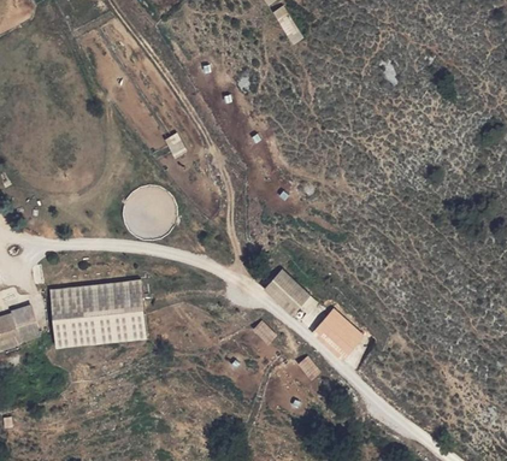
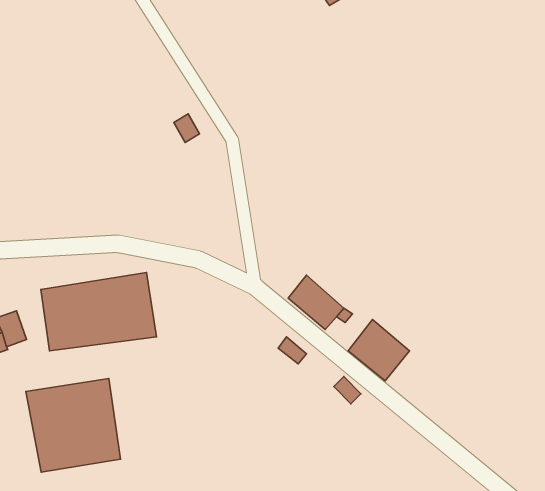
building: none -> [26,379,120,472]

